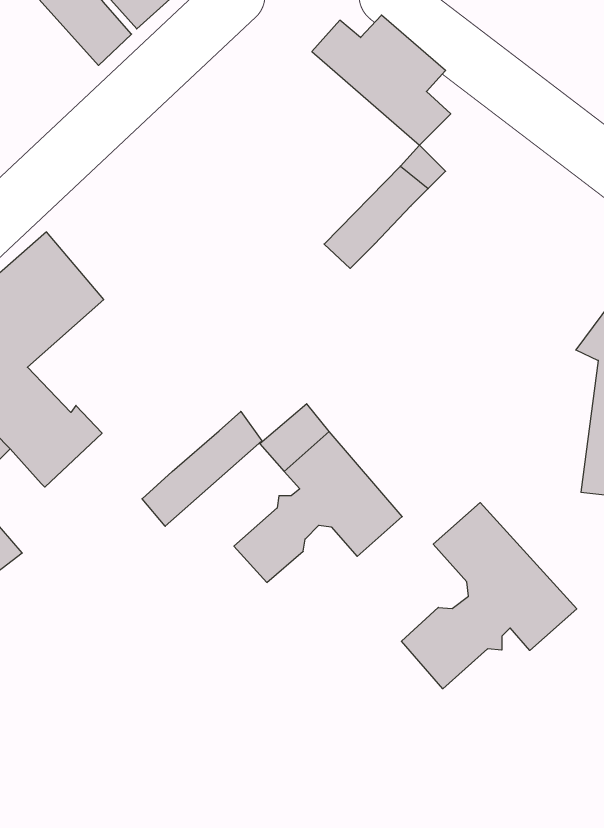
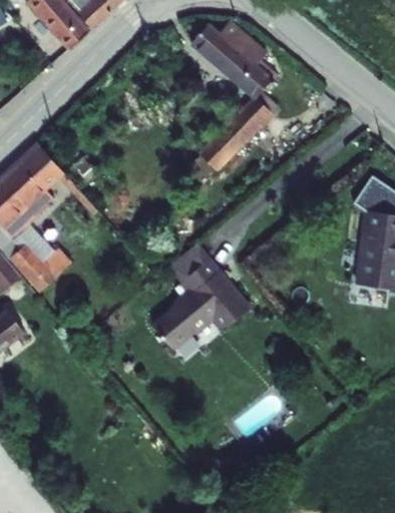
building: [142,411,262,526] -> none
building: [401,503,577,689] -> none

